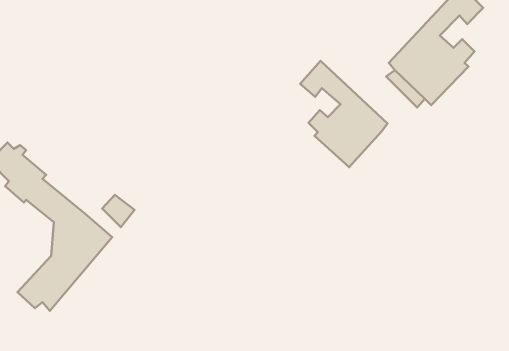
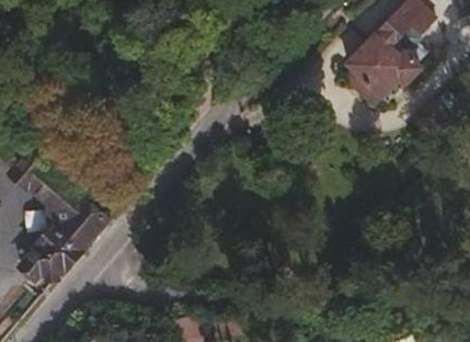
building: [300,61,388,167] -> none

